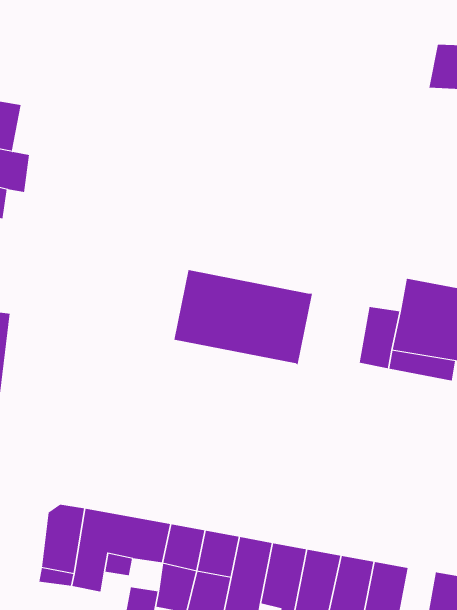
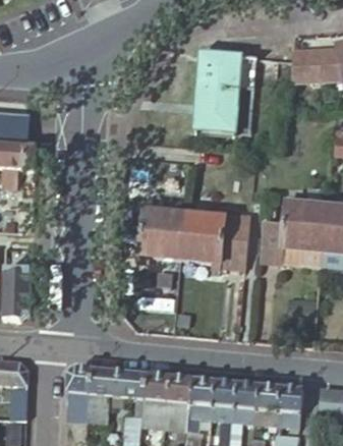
building: none -> [194,53,252,132]
building: none -> [217,214,247,270]

